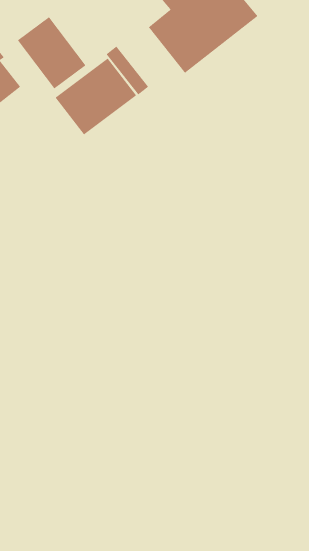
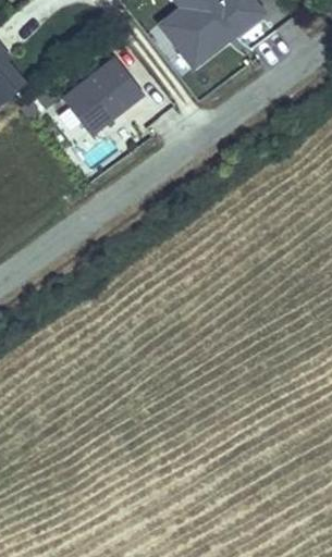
building: [17,16,87,90] -> none

